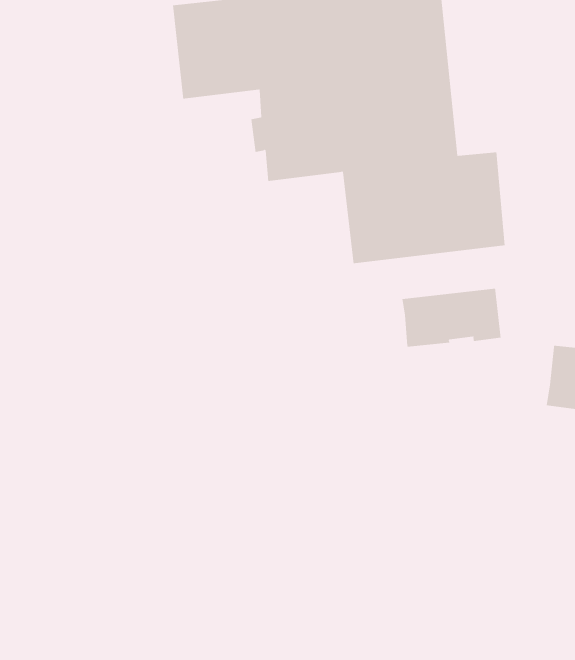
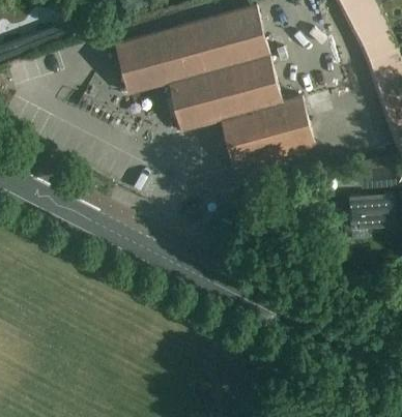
building: [402,288,501,347] -> none

